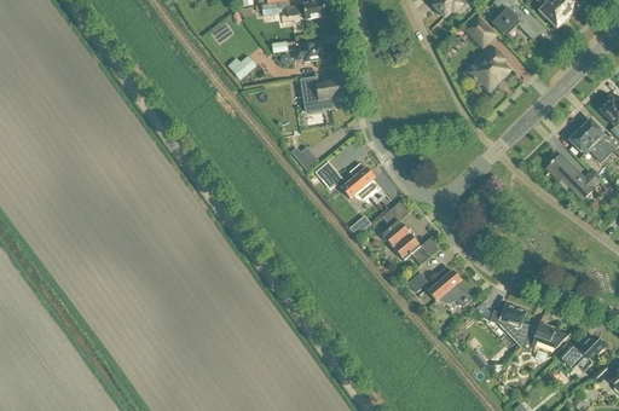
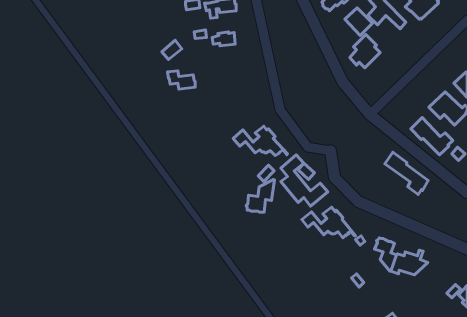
building: [305,77,340,100] -> [167,71,195,89]
building: none -> [385,152,428,194]
building: none -> [246,179,274,212]
building: [560,335,603,369] -> none

